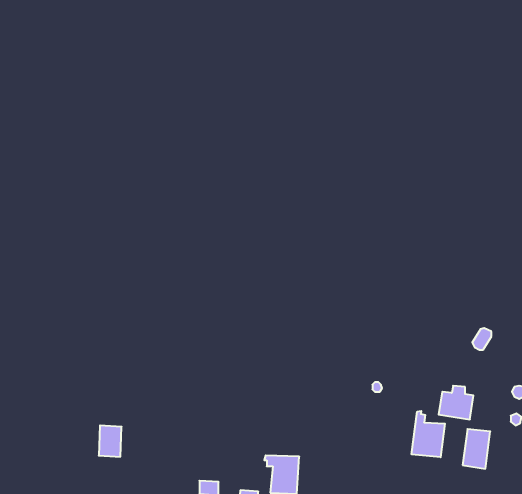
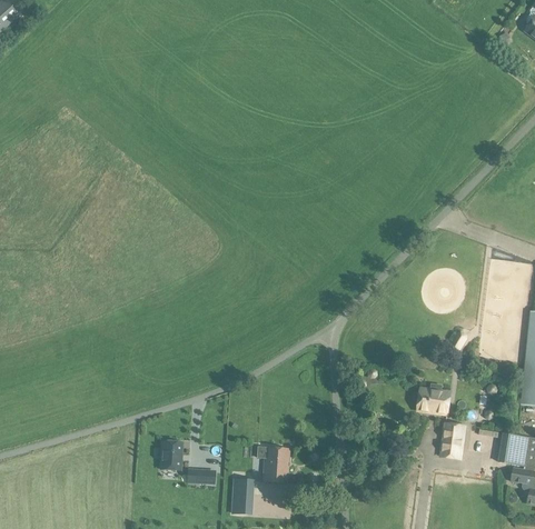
building: [412,411,445,457] -> none
building: [99,425,122,457] -> [161,441,182,470]

